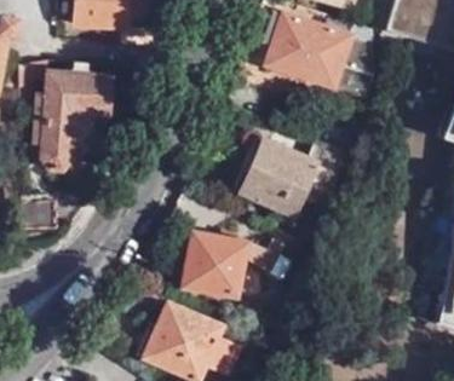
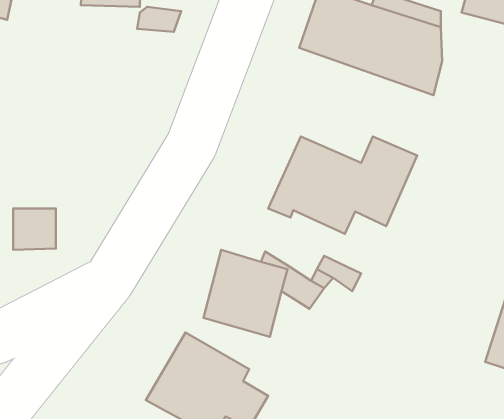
building: [18,59,109,155] -> none

